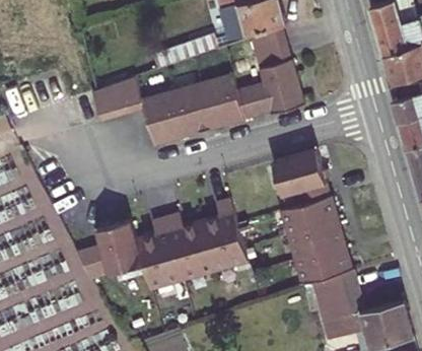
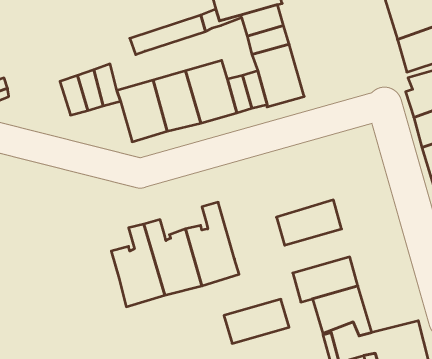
building: [274,149,331,205] -> none
building: [76,220,144,279] -> none
building: [288,221,345,260] -> [224,299,289,343]

